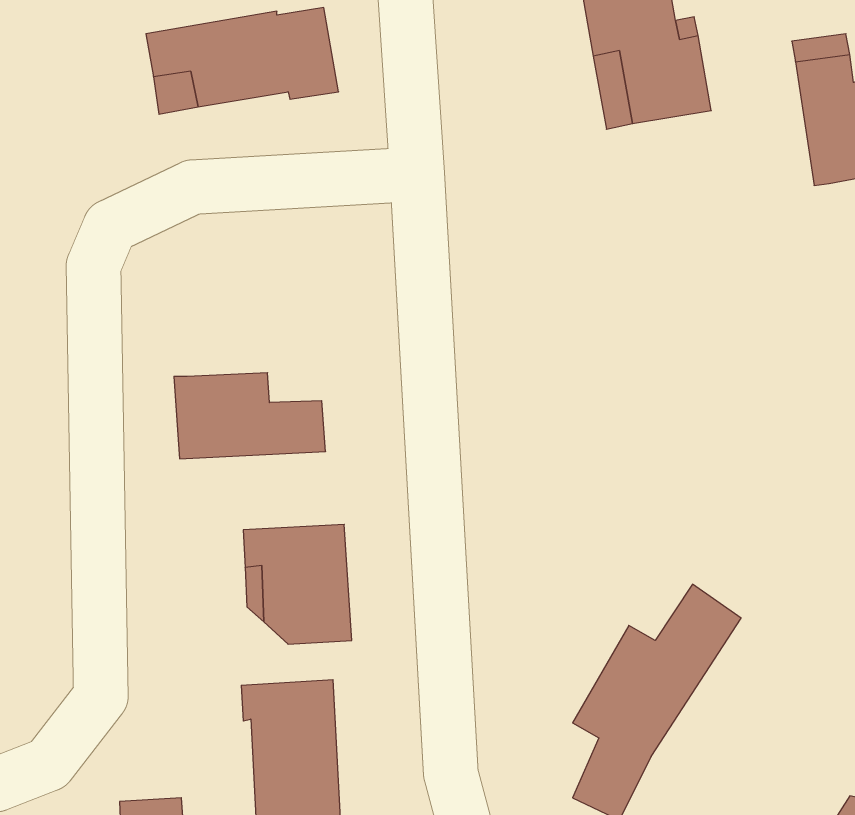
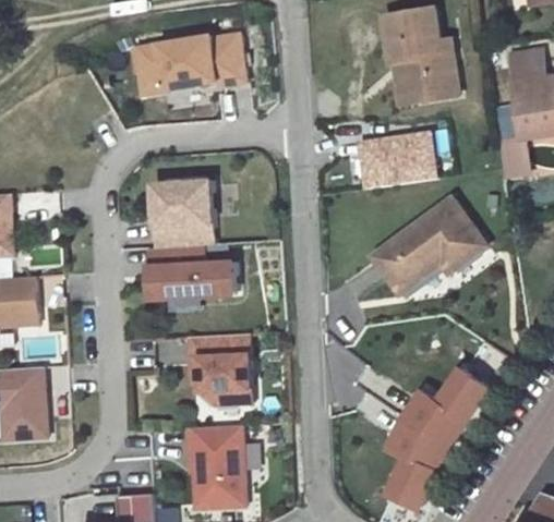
building: none -> [496,117,538,182]
building: none -> [356,135,432,187]
building: none -> [154,182,215,250]
building: none -> [375,199,487,293]

